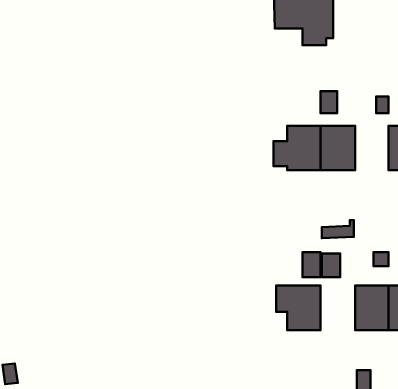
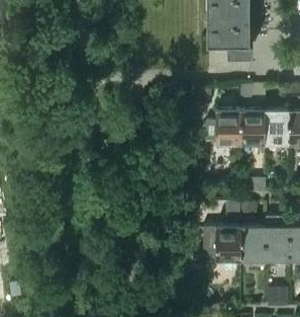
building: none -> [268,111,292,144]
building: none -> [242,228,268,260]

